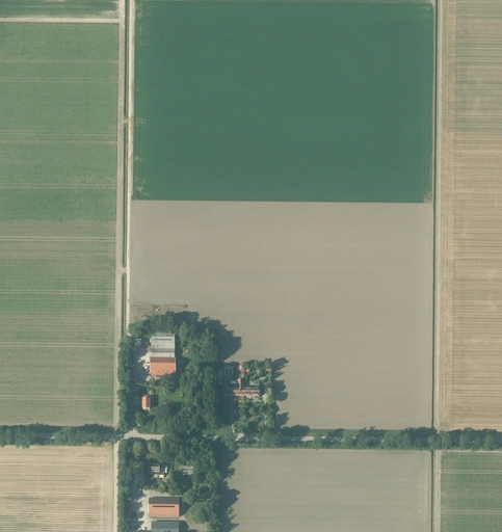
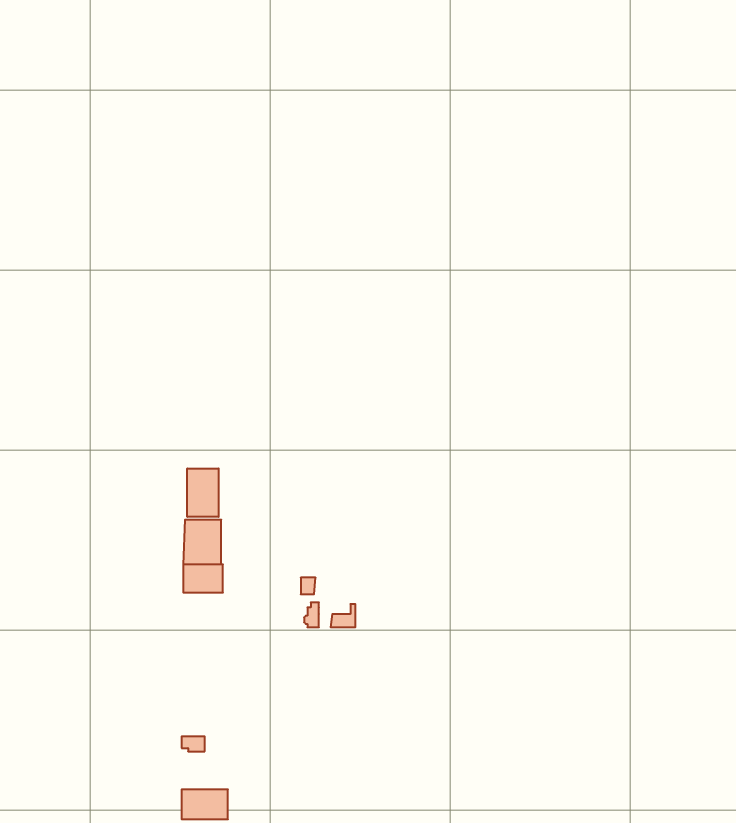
building: none -> [187,468,219,517]

